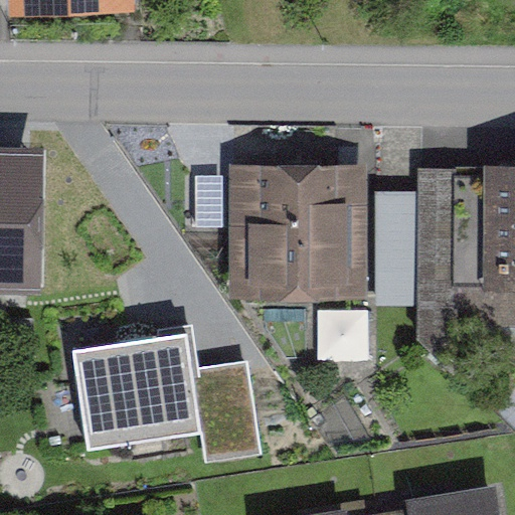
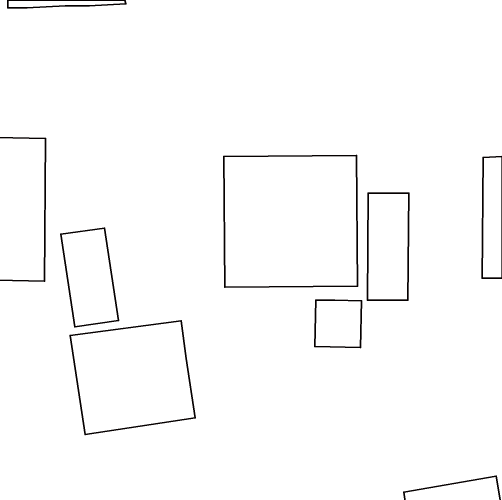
building: [418,177,481,337] -> none
building: none -> [61,228,118,327]
building: [189,362,258,466] -> none

